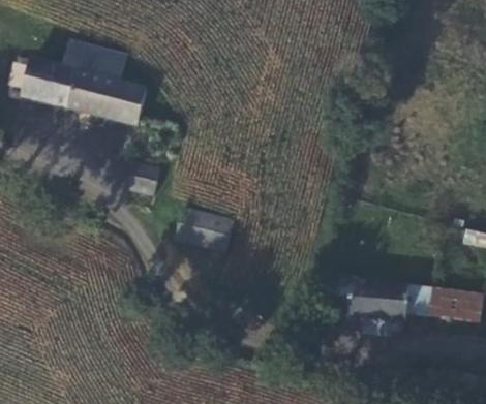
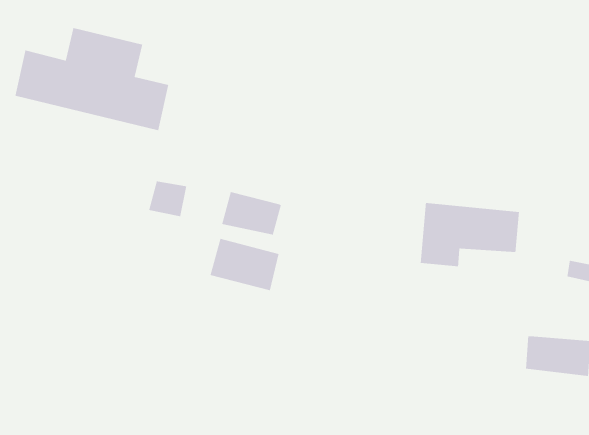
building: none -> [221,191,282,236]
building: [332,279,412,331] -> [420,202,520,267]

